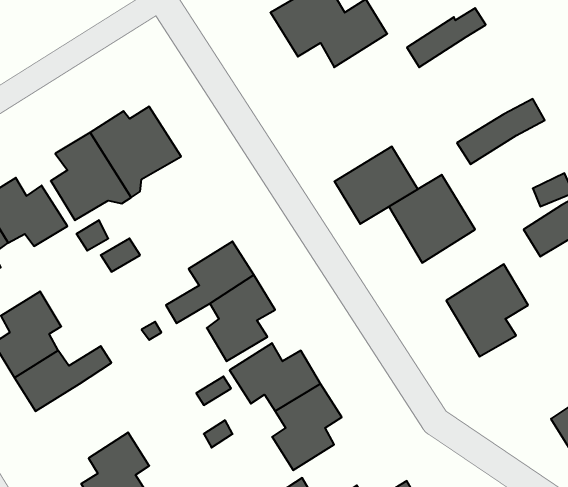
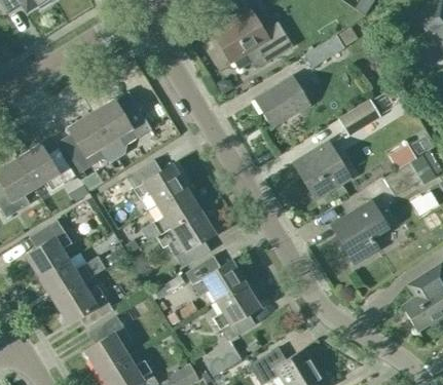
building: [334,147,418,224] -> [255,75,311,127]
building: none -> [127,159,187,204]
building: none -> [53,282,113,328]

